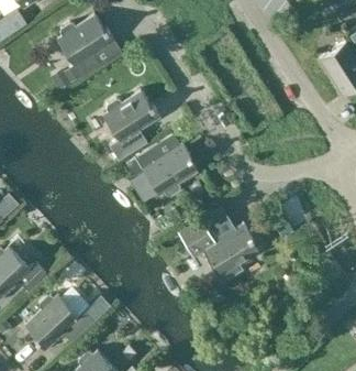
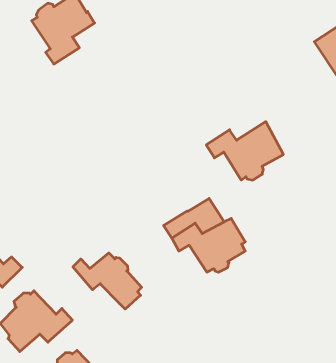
building: [103,90,162,143] -> none
building: [129,142,201,197] -> [206,122,283,180]
building: none -> [73,253,142,309]

